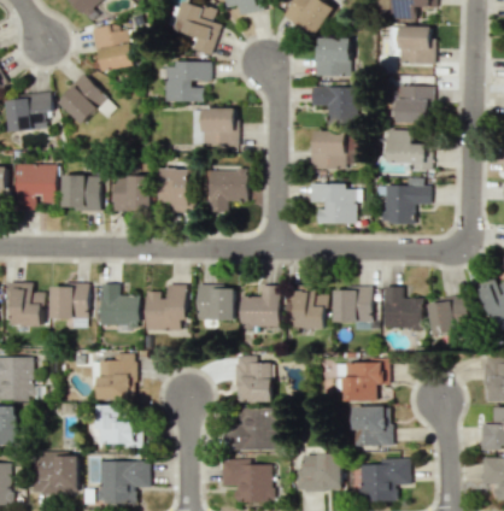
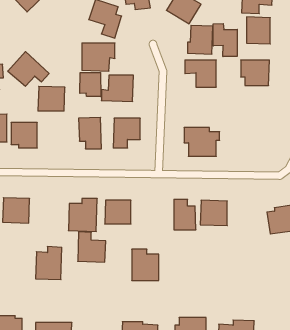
building: [90,25,133,70] -> none
building: none -> [213,24,237,57]
building: none -> [80,73,101,97]
building: [386,130,430,170] -> none
building: [310,131,345,170] -> none
building: [112,176,151,211] -> [38,86,65,111]
building: [381,178,427,224] -> none
building: [99,283,139,327] -> [78,232,106,262]
building: [239,286,277,328] -> none
building: [382,286,421,329] -> none
building: [342,358,387,401] -> none
building: [96,406,141,448] -> none
building: [352,407,389,446] -> none
building: [224,412,276,451] -> none

